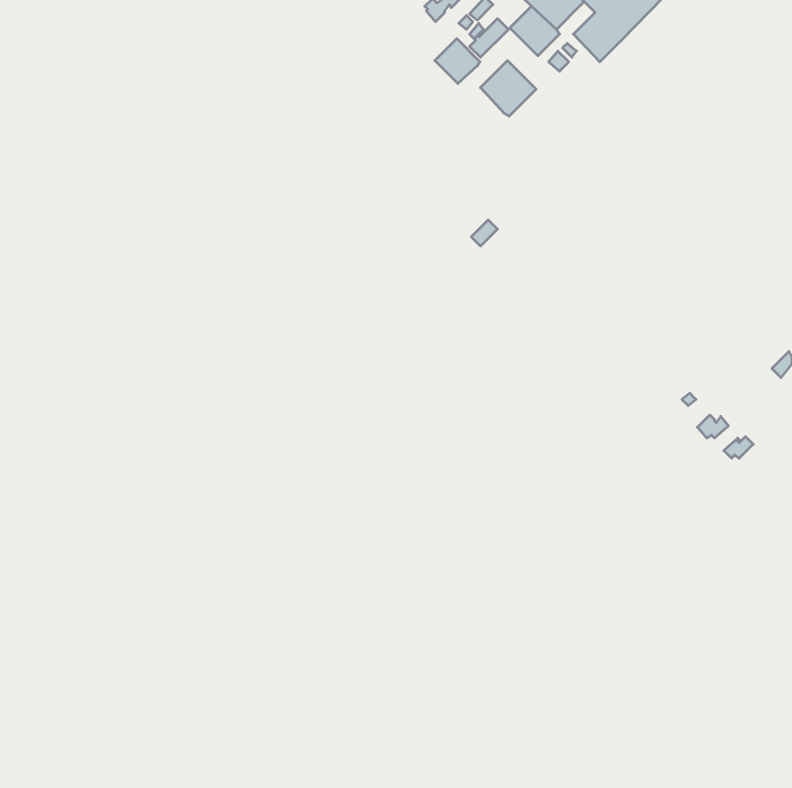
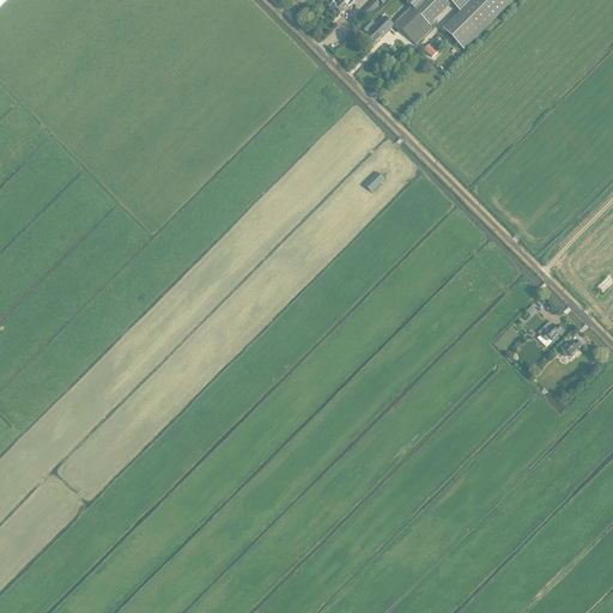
building: [435,39,480,84] -> none
building: [480,61,536,116] -> none

